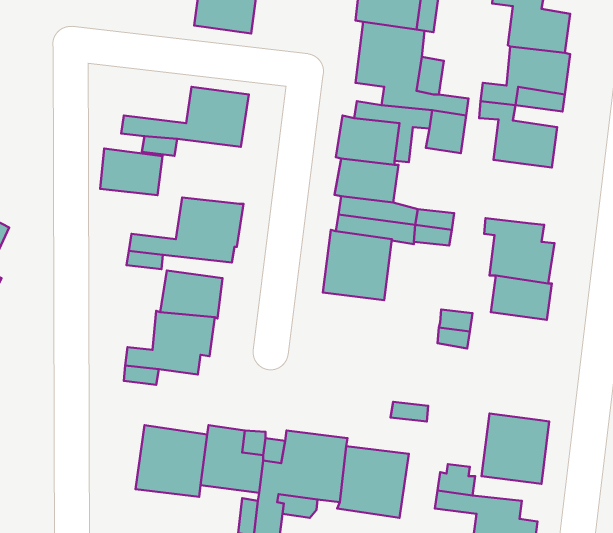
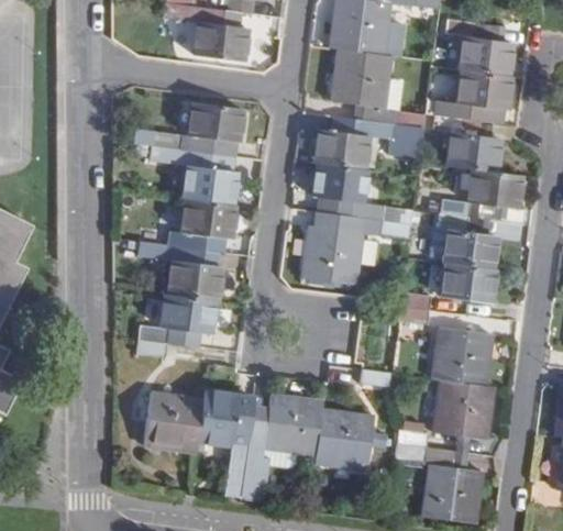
building: [100,148,163,195] -> [183,164,235,203]
building: none -> [439,169,519,220]
building: none -> [434,328,490,386]

